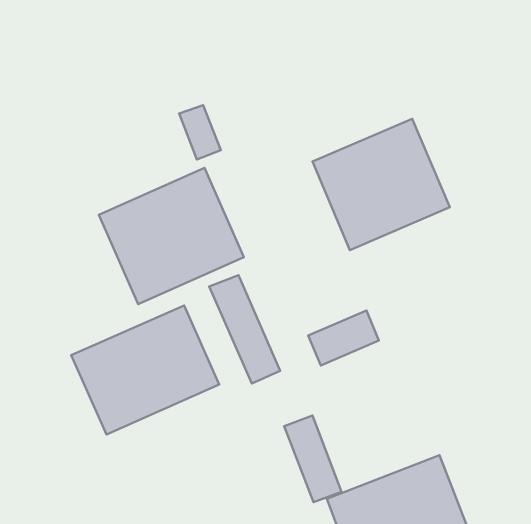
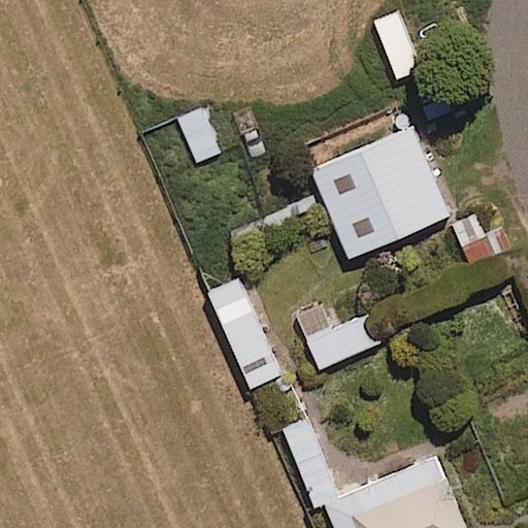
building: [99,168,244,304] -> none
building: [71,305,219,434] -> none

